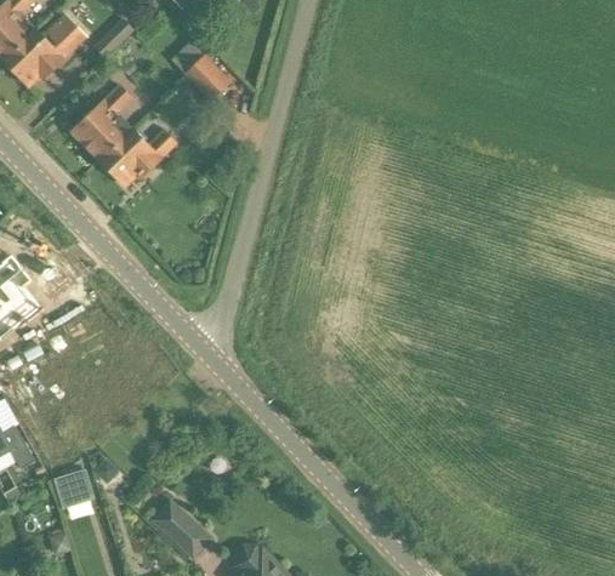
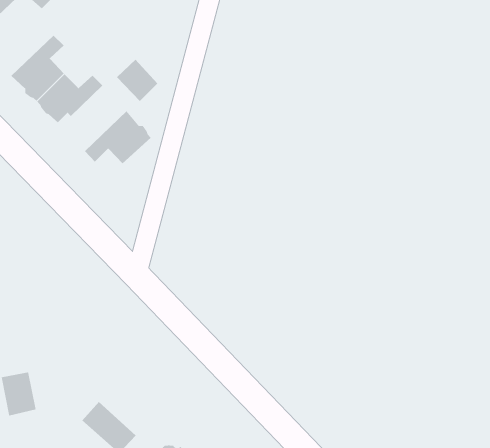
building: [183,55,230,103] -> [116,59,158,102]
building: none -> [84,111,151,164]

